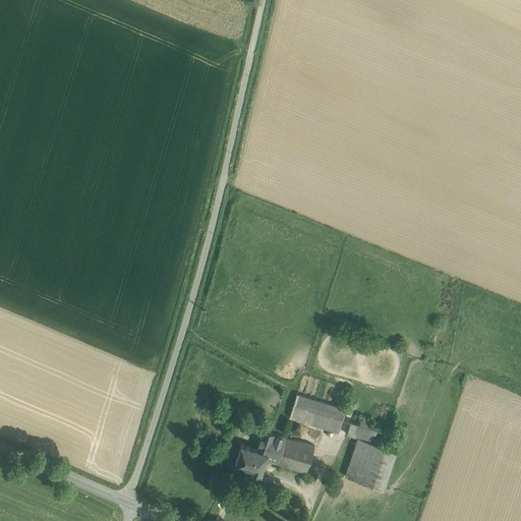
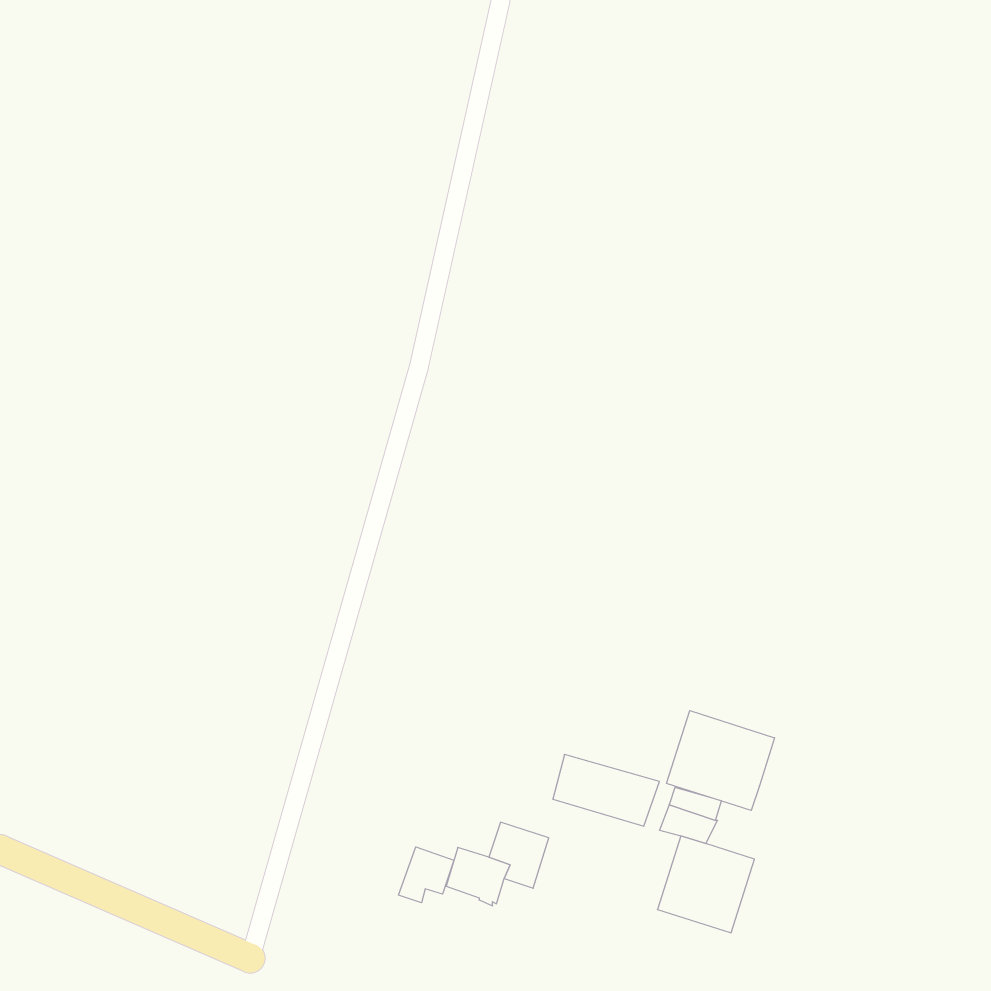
building: none -> [666,711,775,810]
building: [280,440,313,474] -> none
building: none -> [398,847,454,903]

